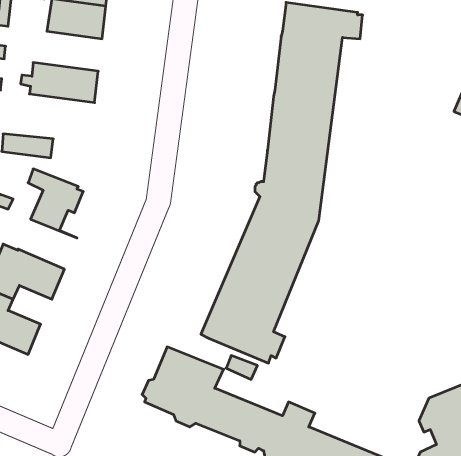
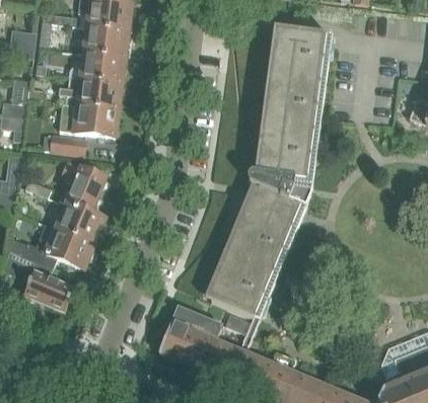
building: none -> [69,51,125,83]
building: none -> [59,101,119,136]
building: none -> [54,198,104,243]

